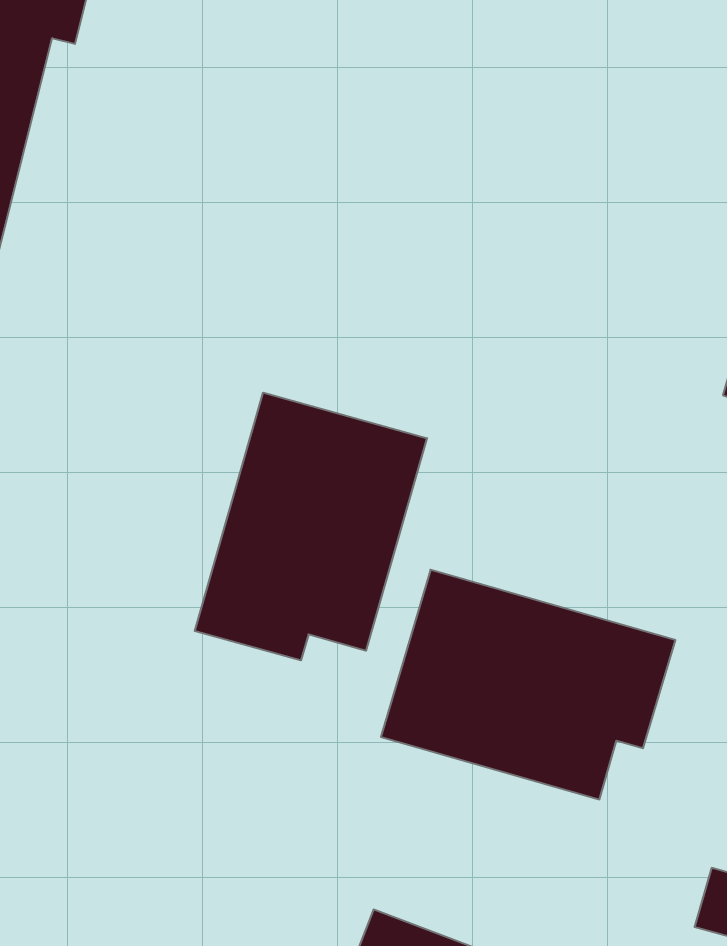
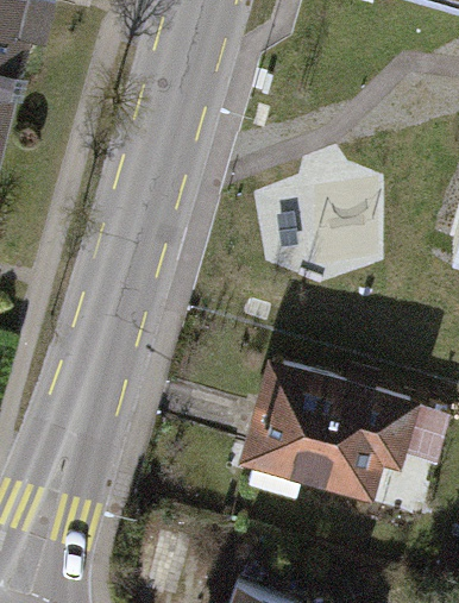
building: [195,393,427,660] -> none

